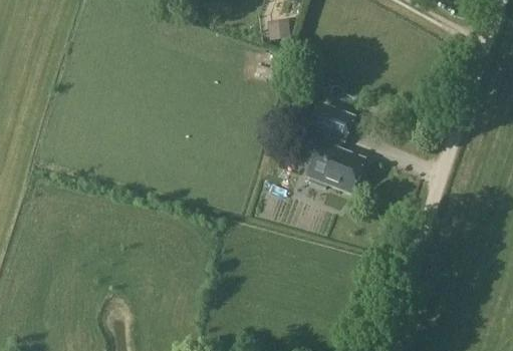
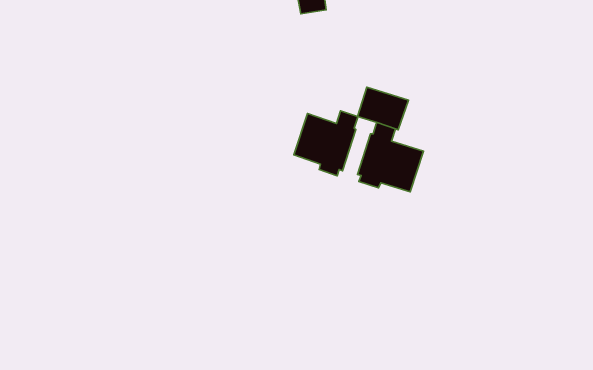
building: none -> [294,111,358,176]

